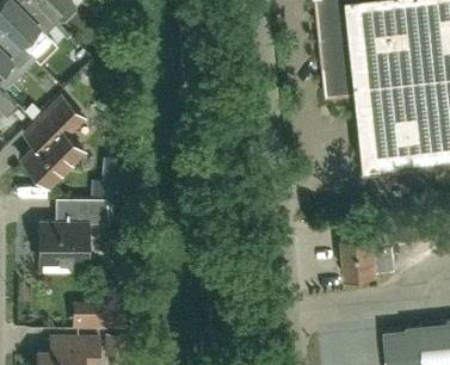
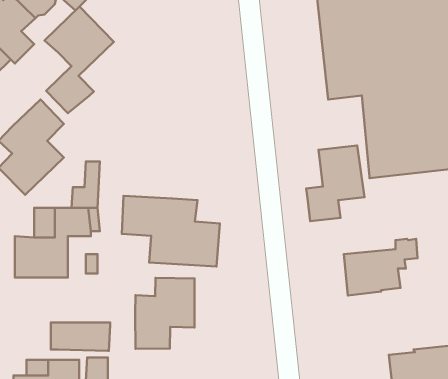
building: none -> [44,6,114,113]
building: none -> [306,145,365,221]
building: none -> [122,196,220,266]
building: none -> [135,278,194,349]

